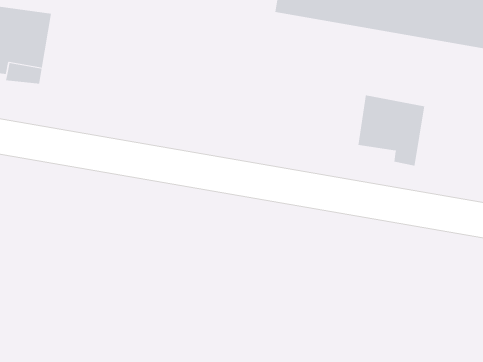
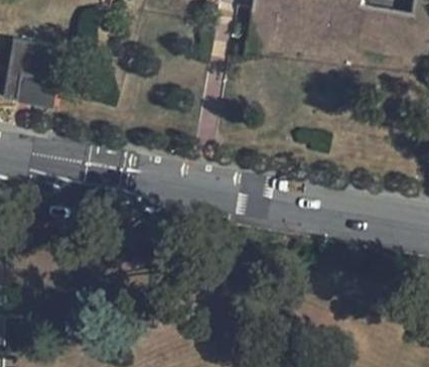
building: [358,95,425,166] -> none

